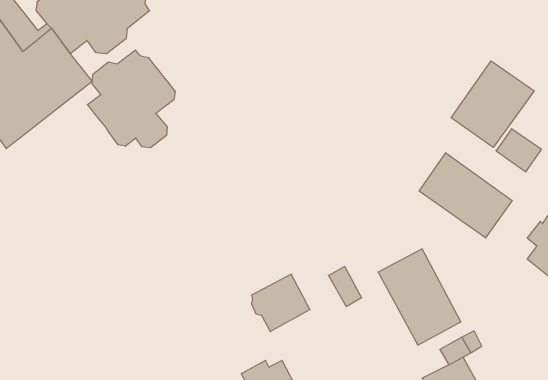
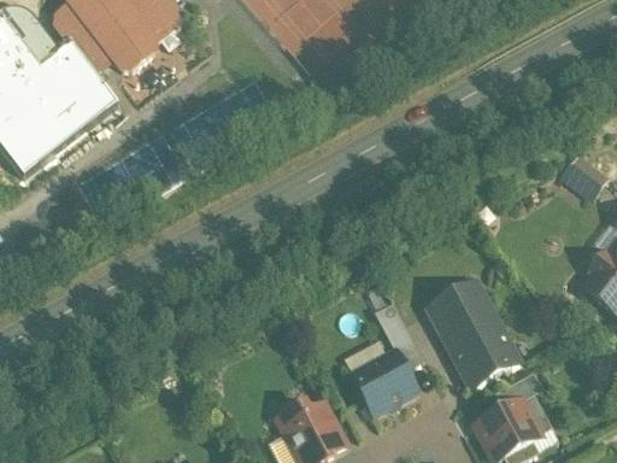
building: [87,50,175,148] -> none
building: [451,61,534,147] -> none
building: [419,153,512,238] -> none
building: [251,274,310,332] -> [353,351,417,414]

